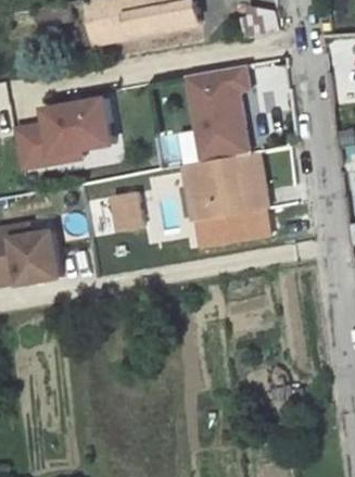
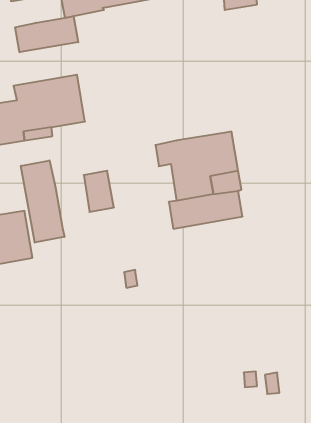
building: none -> [15,16,78,52]
building: [187,65,249,162] -> none
building: none -> [21,160,64,243]

